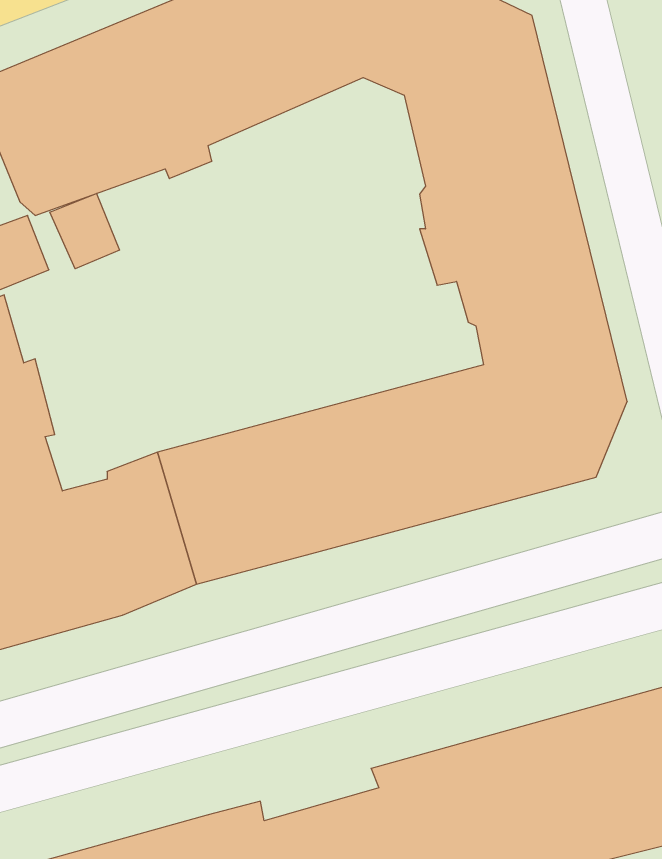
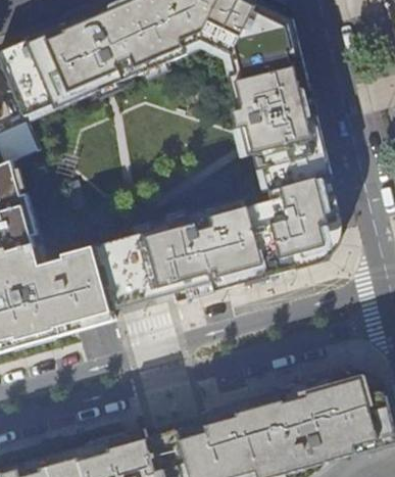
building: [50,193,120,269] -> none

